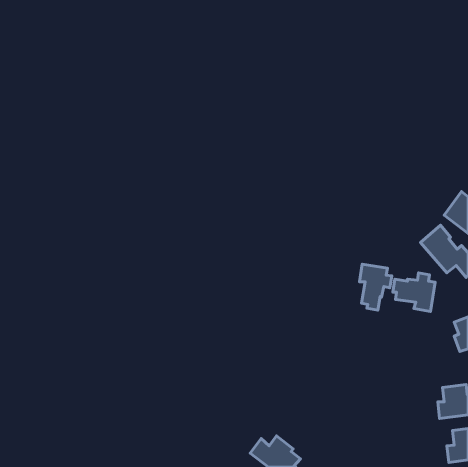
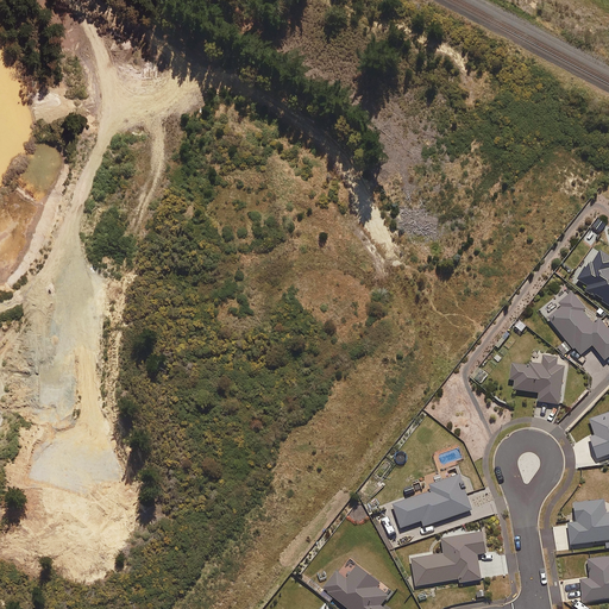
building: [360,264,392,310] -> none
building: none -> [393,475,472,529]
building: none -> [412,533,485,586]

